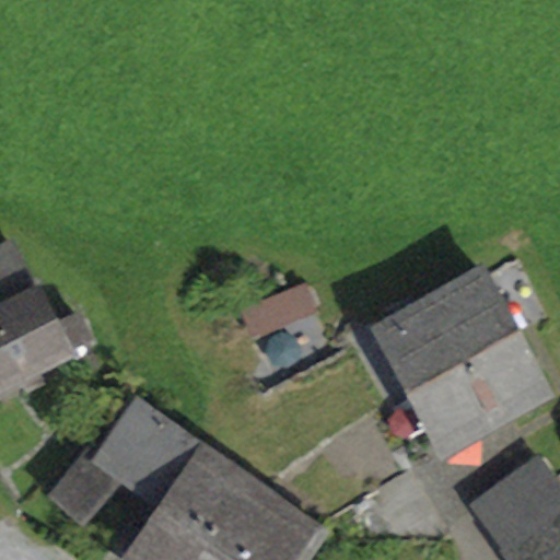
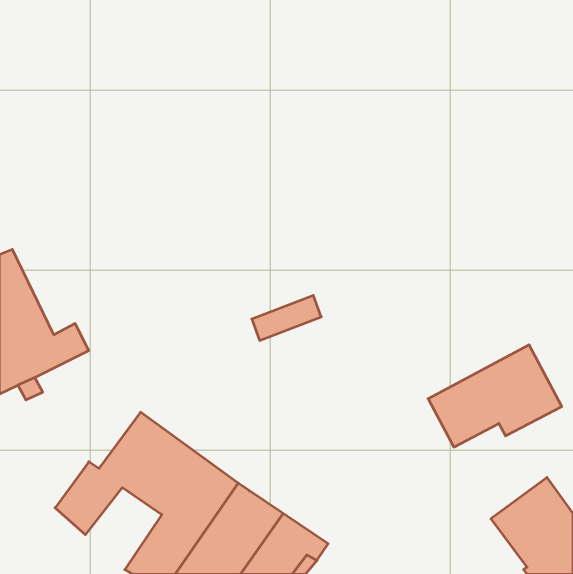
building: [385,277,515,388] -> none

